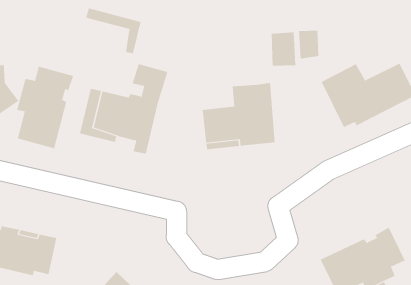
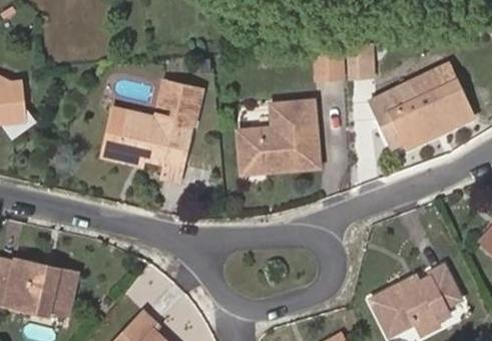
building: [86,8,141,54] -> none
building: none -> [408,62,456,99]
building: [17,66,74,149] -> none

